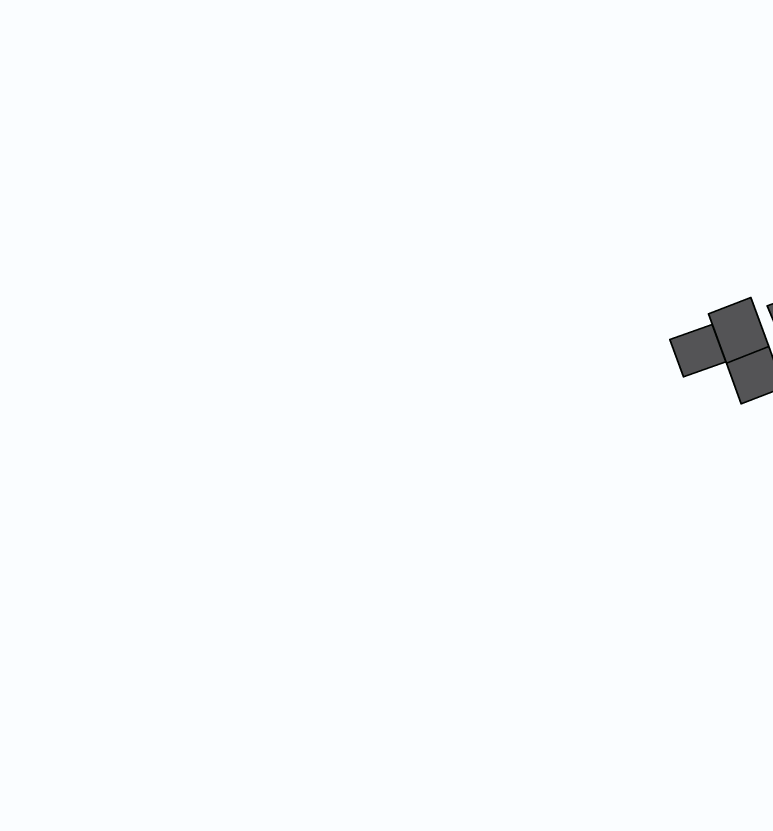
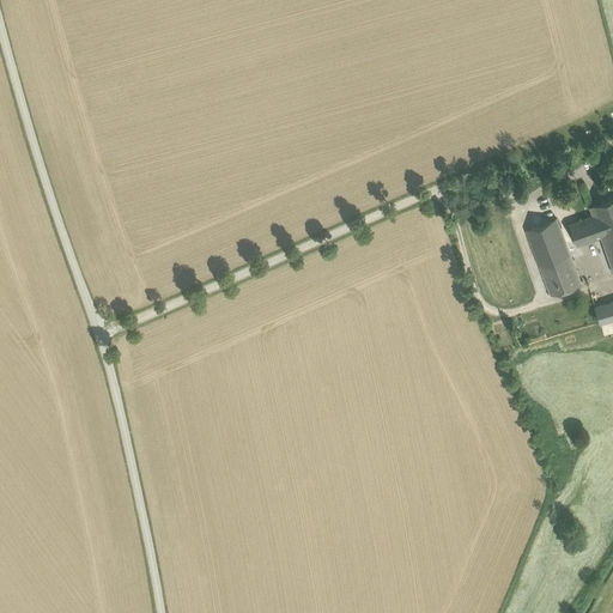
building: [670,325,726,377] -> none

